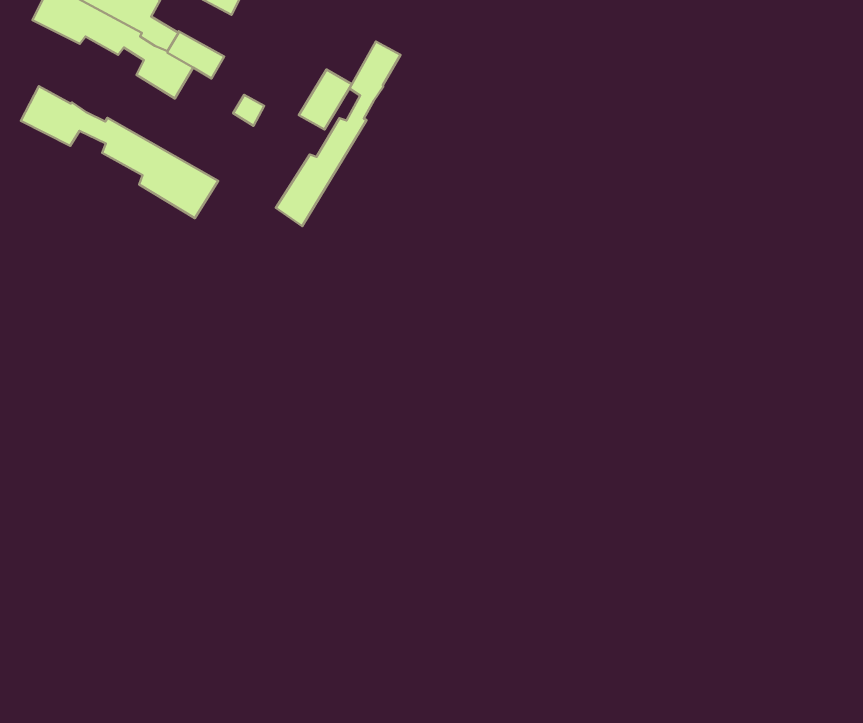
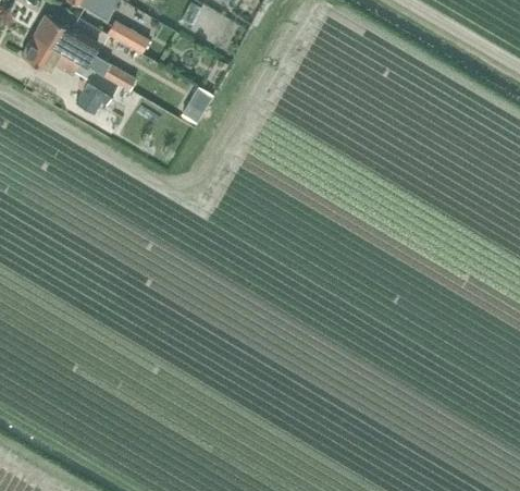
building: [276,41,401,226] -> none
building: [21,86,218,218] -> none

